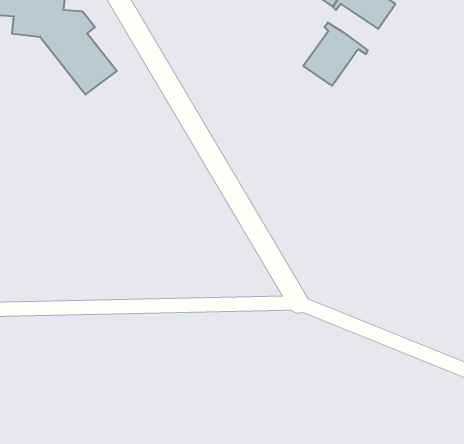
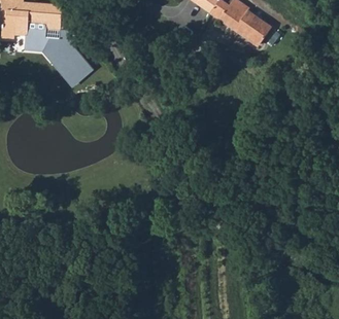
building: [303,22,368,86] -> none

